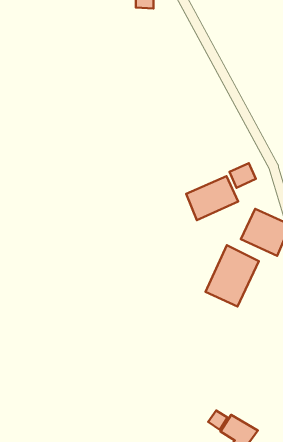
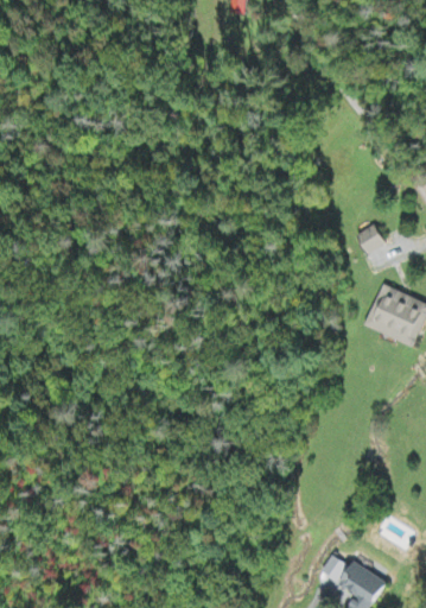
building: [186,176,238,220] -> none
building: [205,245,259,306] -> none

